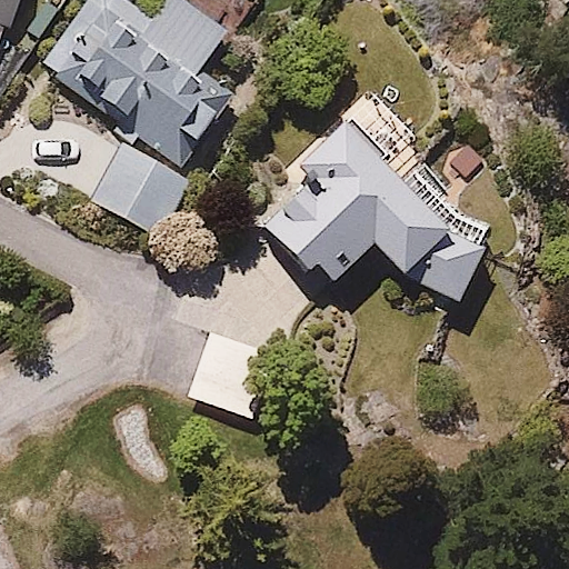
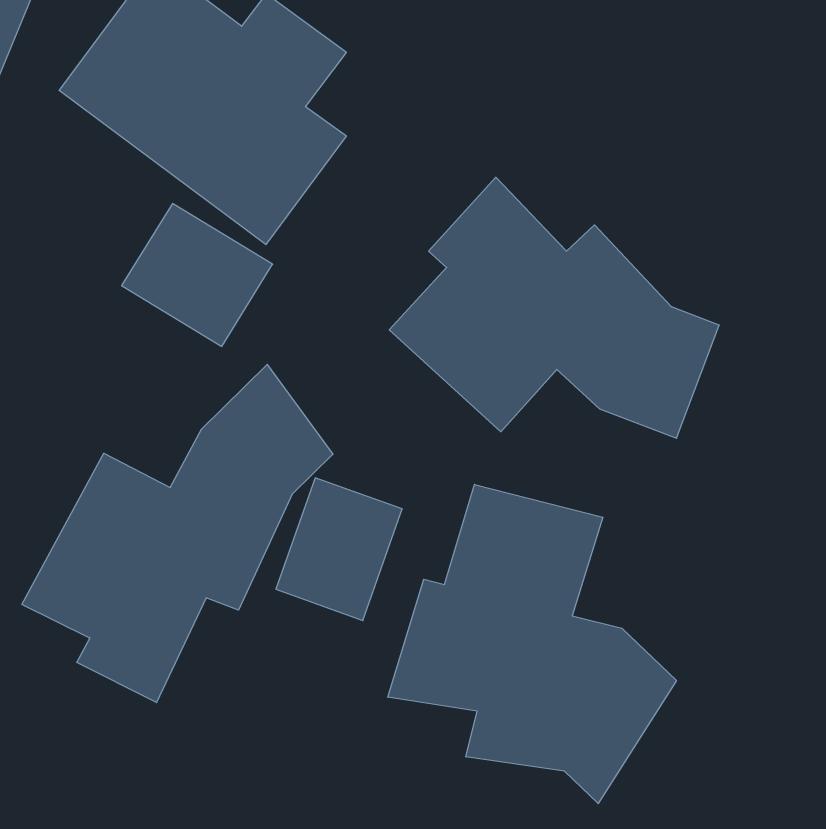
building: none -> [22,364,333,703]
building: none -> [388,484,676,804]

